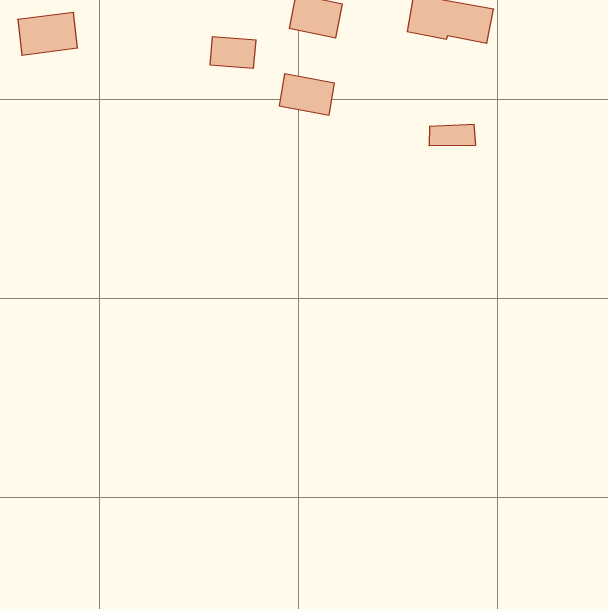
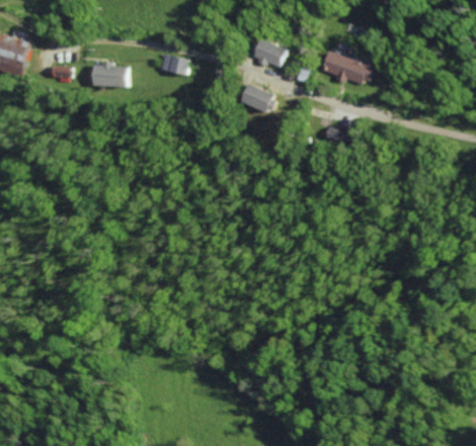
building: [18,12,78,55] -> [90,64,125,86]
building: [210,37,256,68] -> [159,53,188,75]

